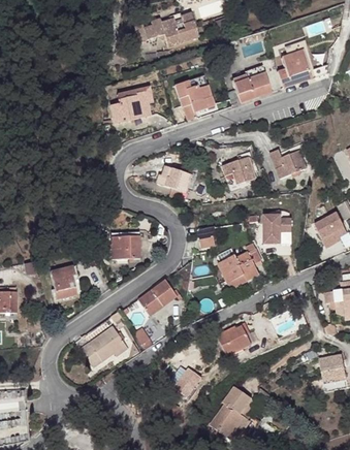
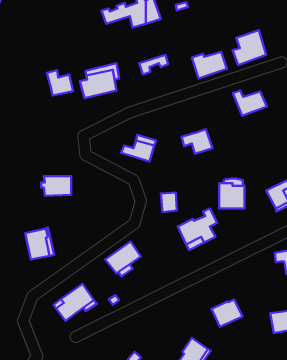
building: [179,85,213,120] -> none
building: none -> [47,70,73,95]
building: [269,150,307,178] -> [233,90,267,116]
building: [106,236,139,258] -> [41,176,71,196]
building: [217,325,251,355] -> [211,299,243,327]
building: [170,365,204,399] -> none

